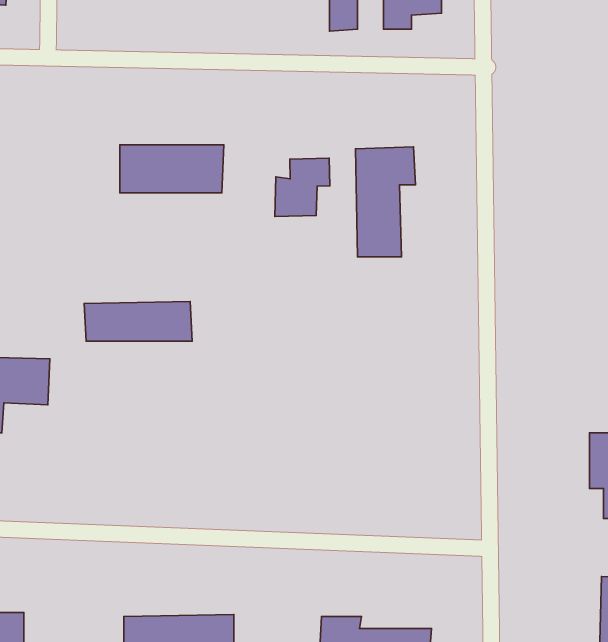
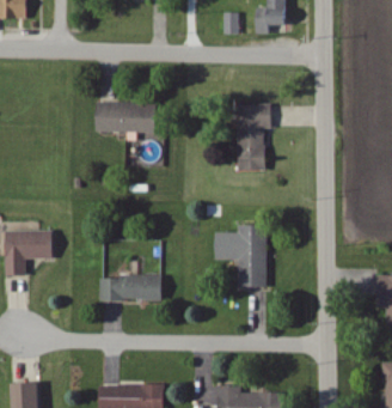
building: [275,158,330,216] -> none
building: [84,301,192,341] -> [99,276,164,300]
building: none -> [216,225,268,287]

